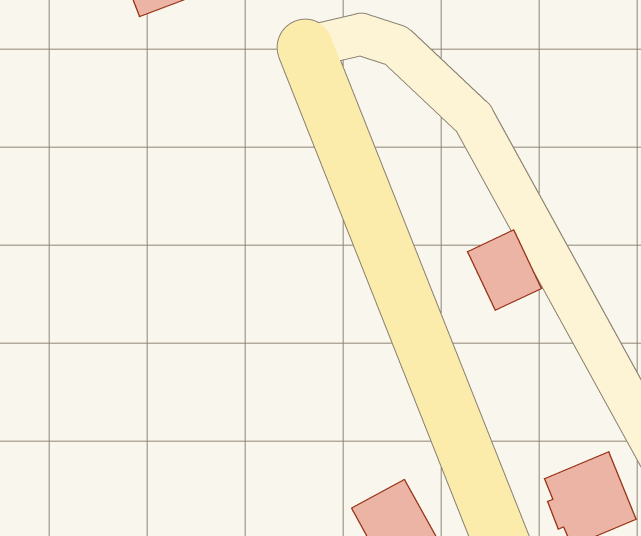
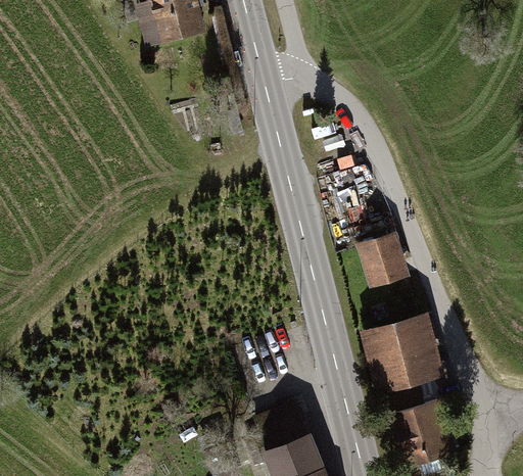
building: none -> [366,320,436,392]

